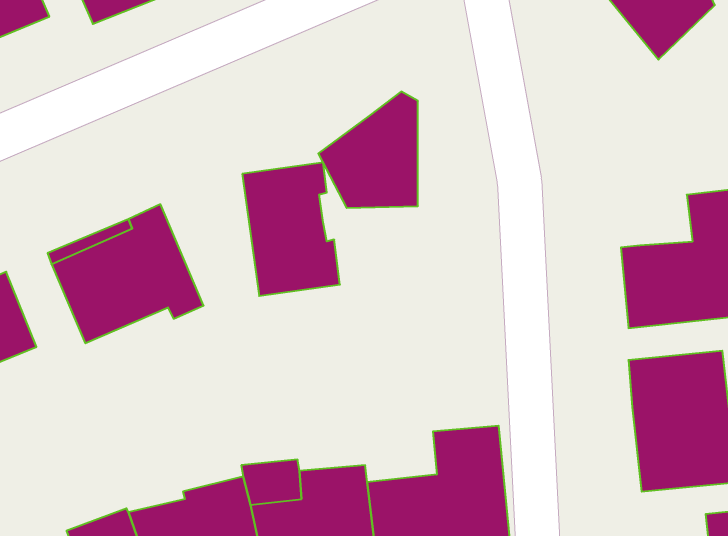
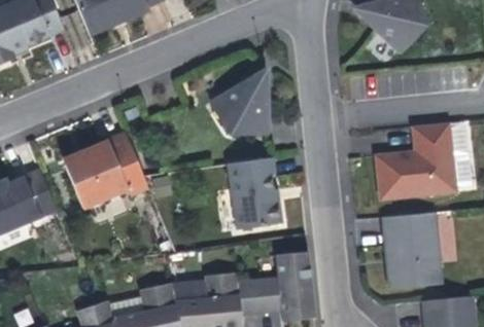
building: [242,163,340,296] -> [228,156,281,229]

